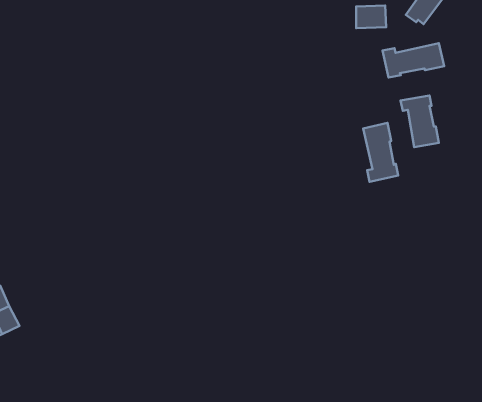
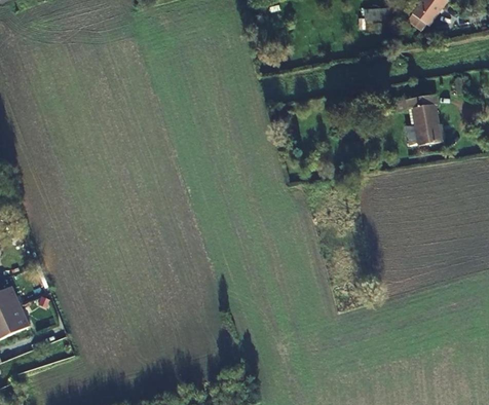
building: [383,43,444,77] -> none
building: [363,123,398,182] -> none

